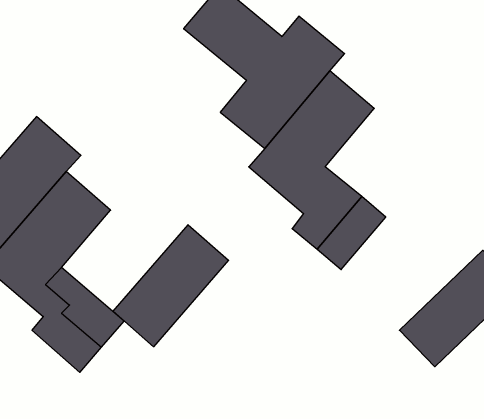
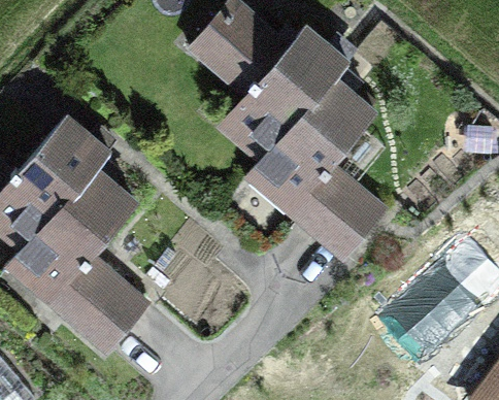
building: [113,225,229,347] -> none

